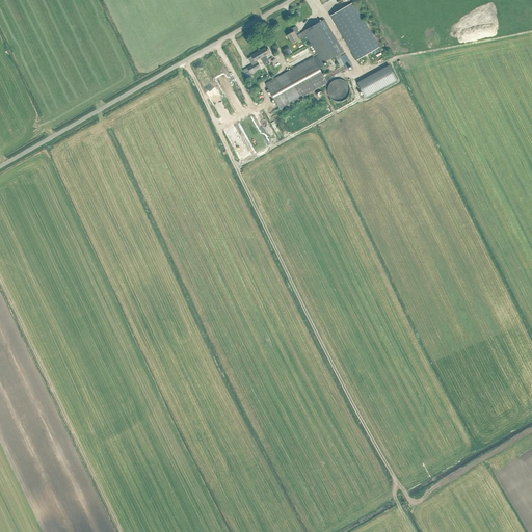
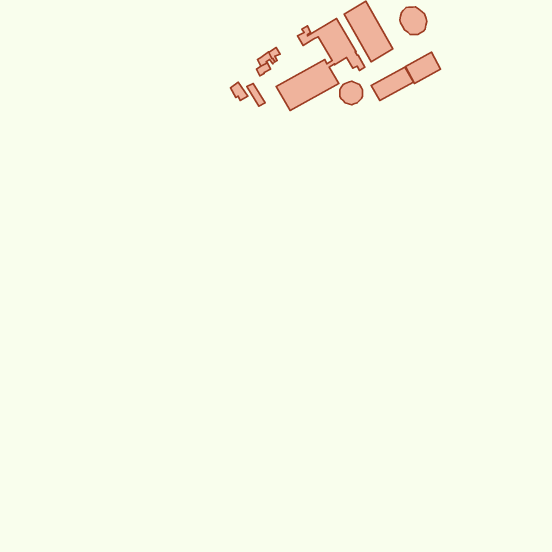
building: none -> [400,7,427,34]
building: none -> [405,52,441,83]

